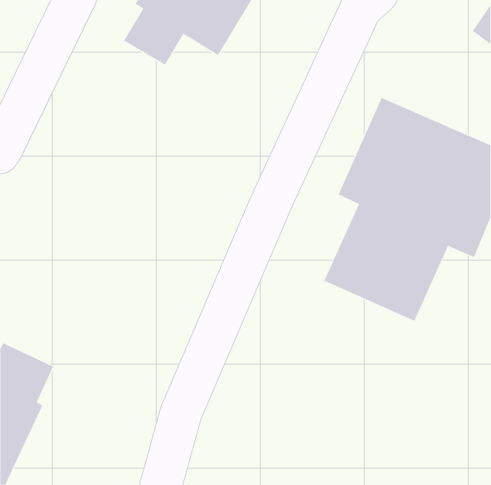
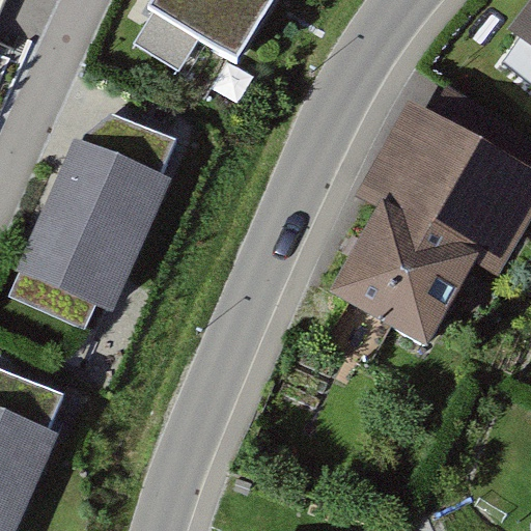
building: none -> [21,117,169,304]

